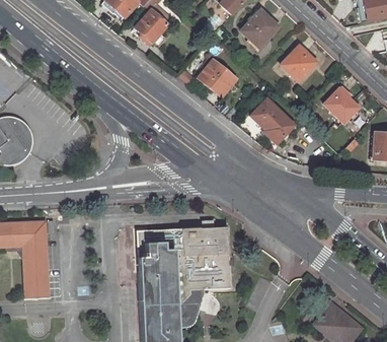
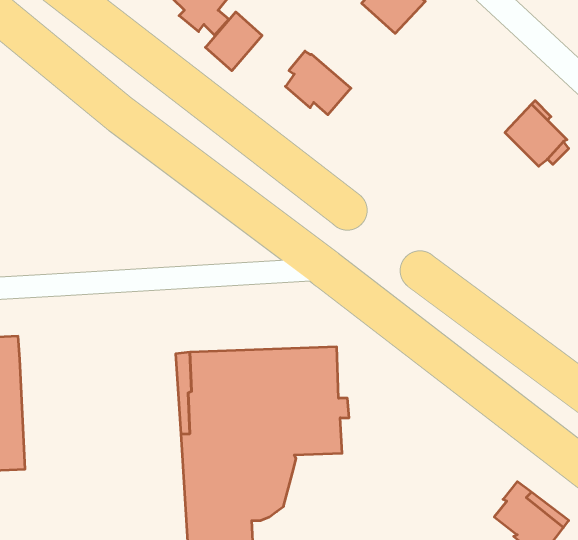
building: none -> [205,12,262,71]
building: [280,48,315,82] -> none
building: [250,97,295,143] -> none

